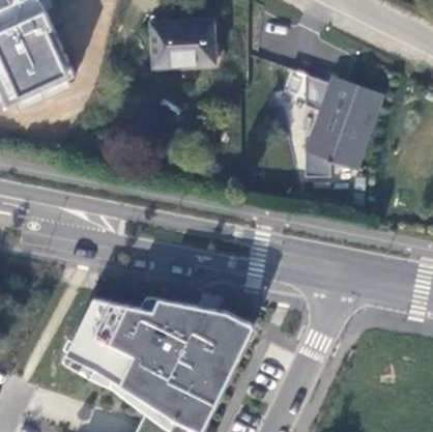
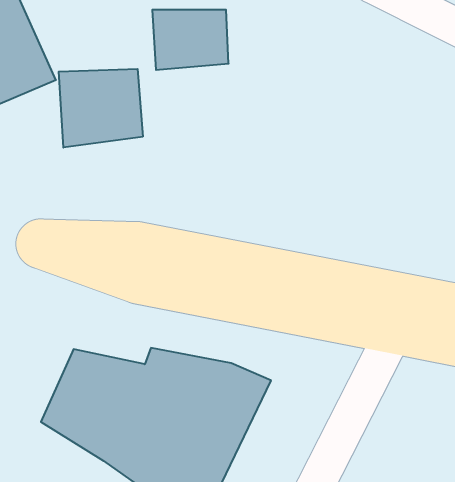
building: [291,67,380,174] -> none
building: none -> [59,69,143,148]

